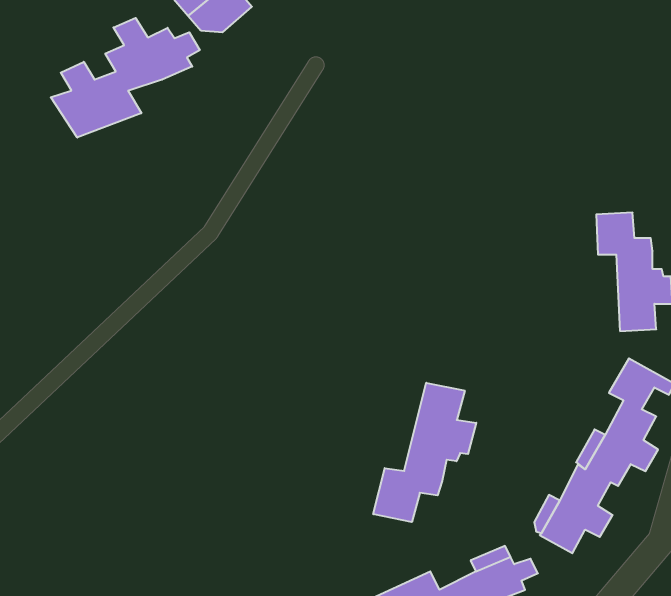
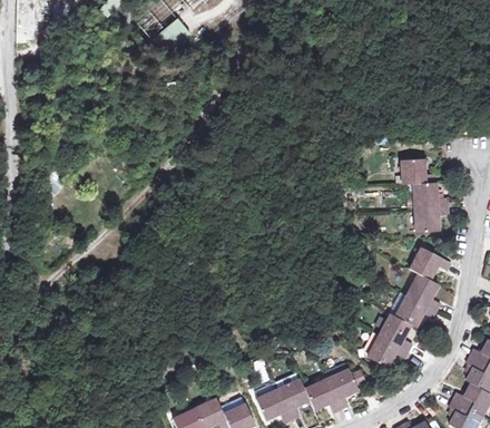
building: [51,18,200,138] -> none
building: [373,383,476,522] -> none

